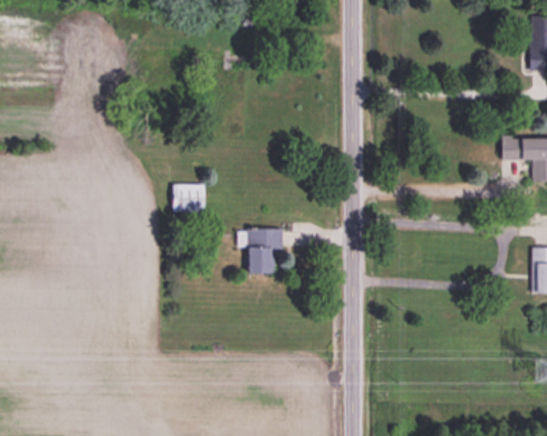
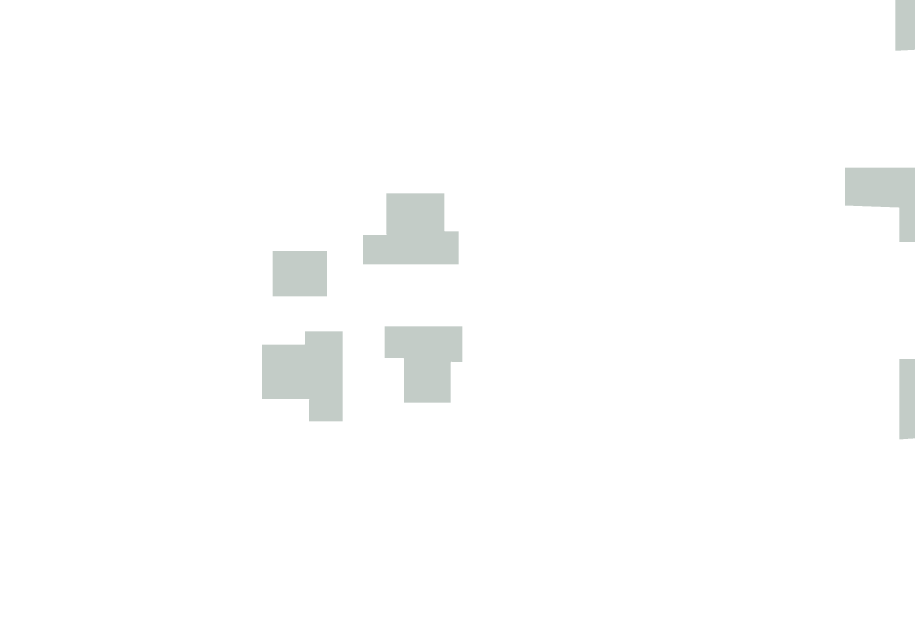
building: none -> [362,193,459,265]
building: none -> [262,330,343,422]

